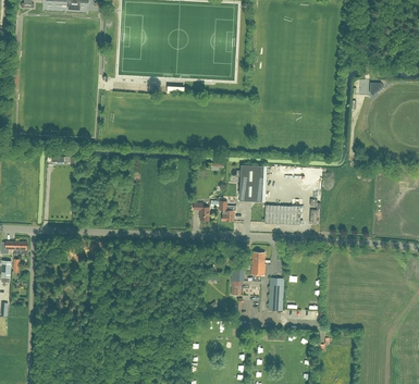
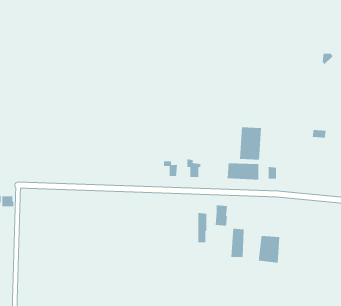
building: [238,164,263,201] -> [239,127,262,160]
building: none -> [258,235,280,263]

